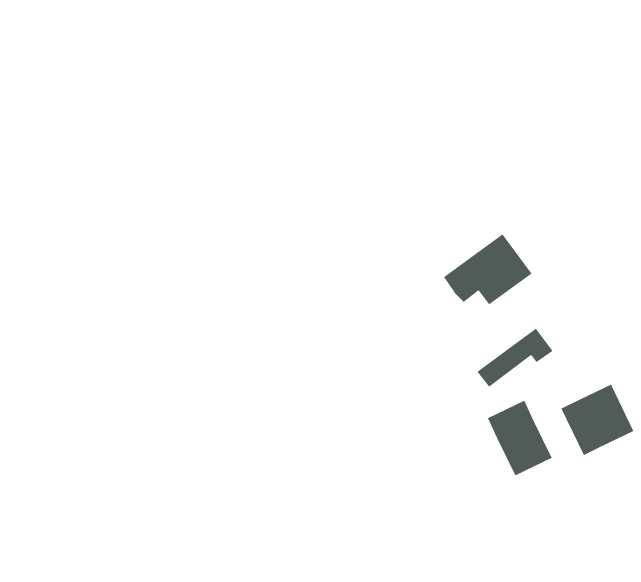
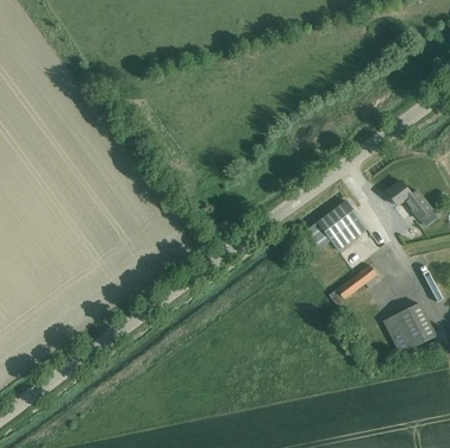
building: none -> [386,181,431,220]
building: [487,400,553,476] -> none

